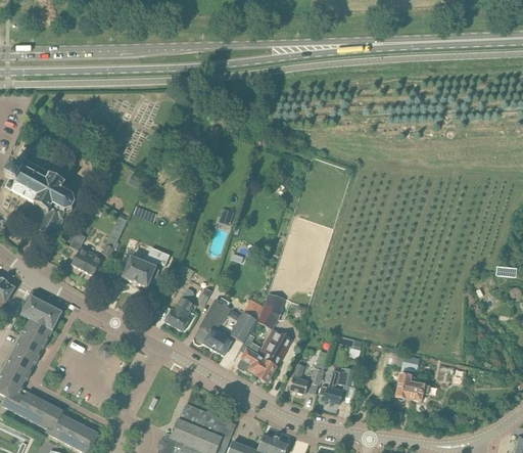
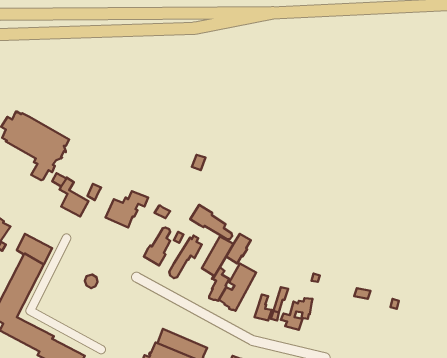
building: none -> [190,205,232,239]
building: [202,324,233,355] -> none
building: [395,373,429,400] -> none

